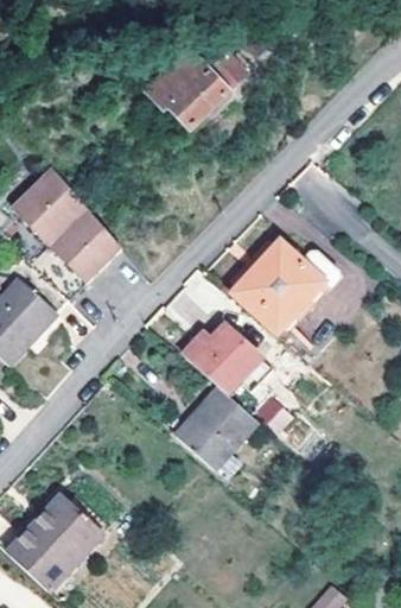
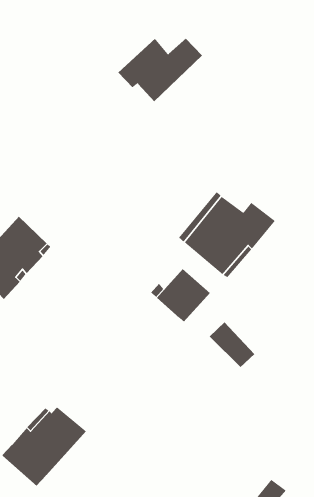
building: [14,167,122,281] -> none
building: [176,390,257,469] -> none

